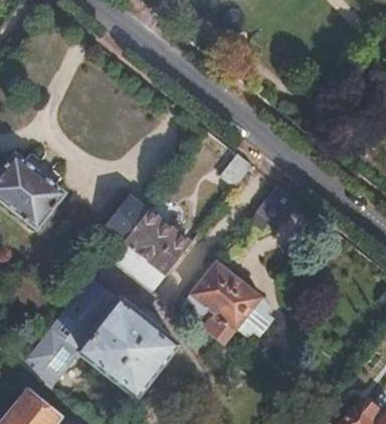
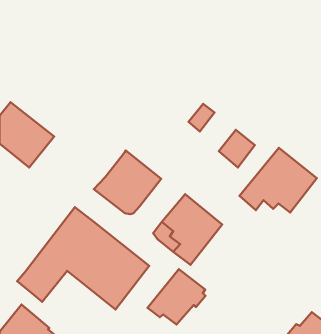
building: [100,196,148,240] -> none
building: none -> [239,148,317,213]
building: none -> [148,269,206,324]

